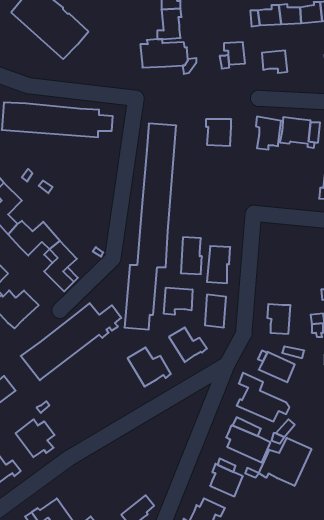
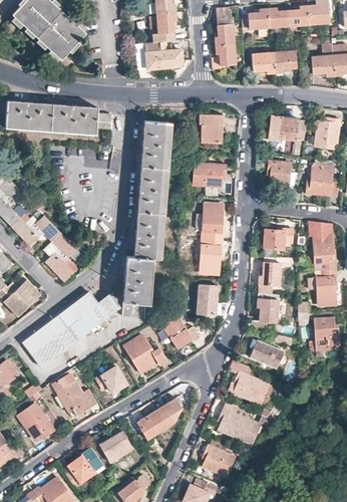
building: none -> [216,12,234,45]
building: none -> [274,50,297,72]
building: [256,117,281,149] -> [268,160,292,191]
building: none -> [192,163,226,187]
building: [181,237,202,274] -> [203,204,223,239]
building: none -> [264,230,293,249]
building: none -> [258,257,290,294]
building: [164,288,192,315] -> none
building: none -> [96,365,126,392]
building: none -> [52,373,97,415]
building: none -> [134,395,182,439]
building: [259,438,311,486] -> none
building: none -> [100,430,132,461]
building: none -> [68,455,99,482]

